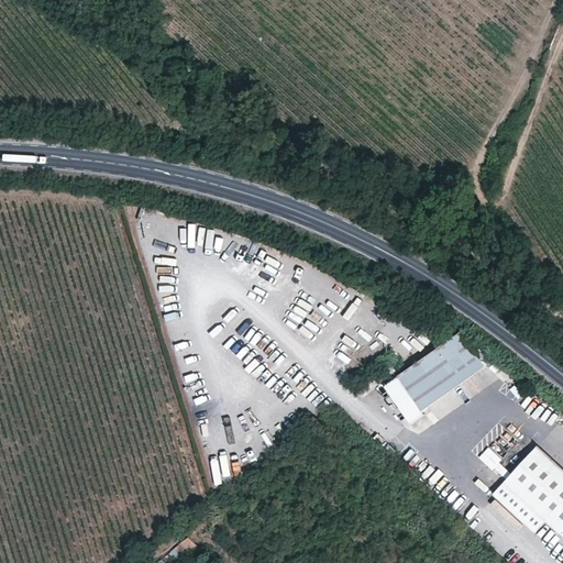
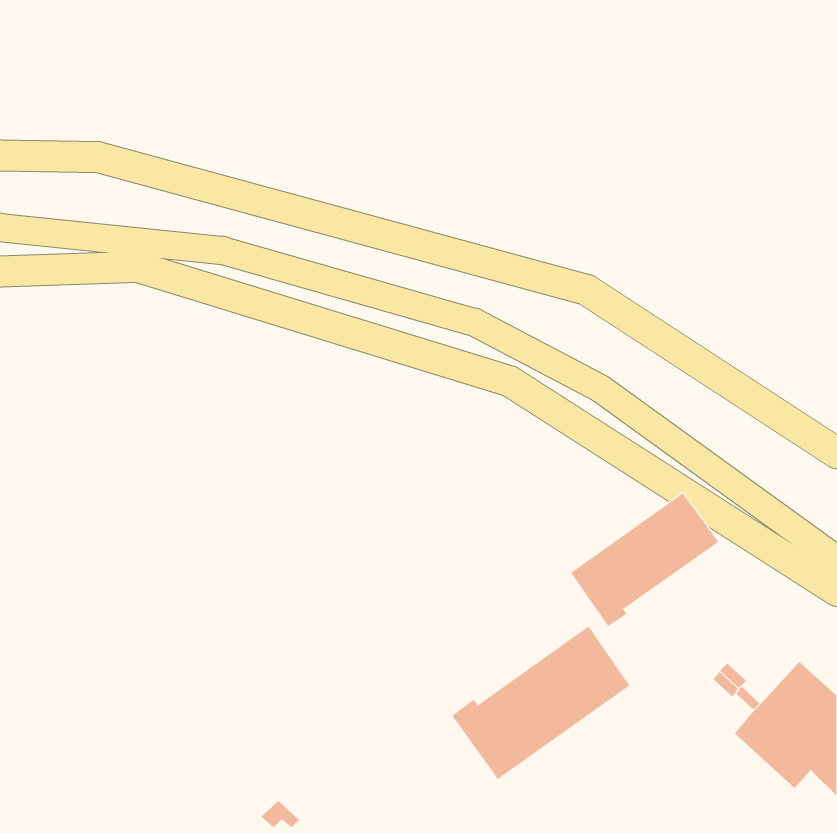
building: none -> [451,625,630,780]

